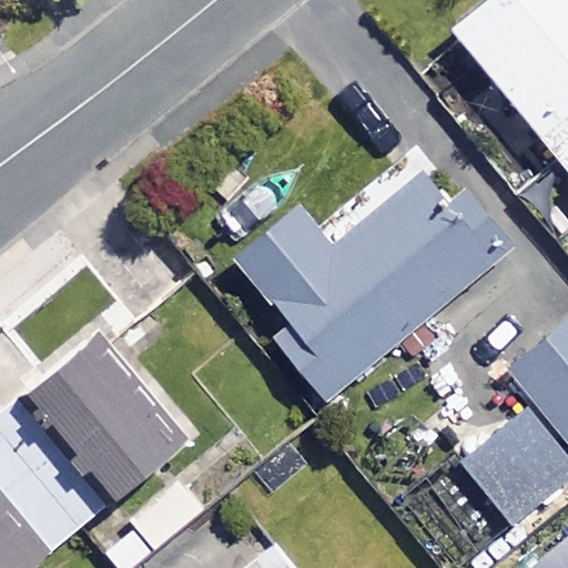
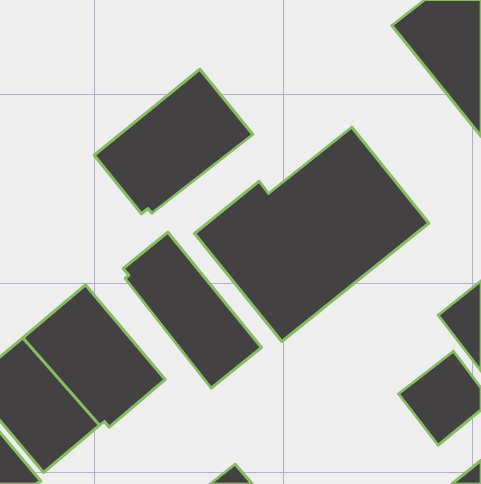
building: none -> [94,69,253,214]
building: none -> [123,232,262,388]

